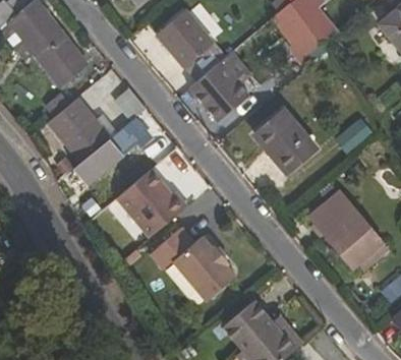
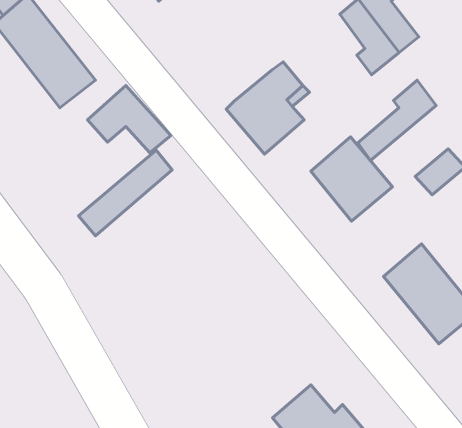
building: [156,9,224,81] -> none
building: none -> [358,80,436,161]
building: [49,98,111,162] -> none
building: [117,170,187,238] -> none
building: [152,228,236,302] -> none

